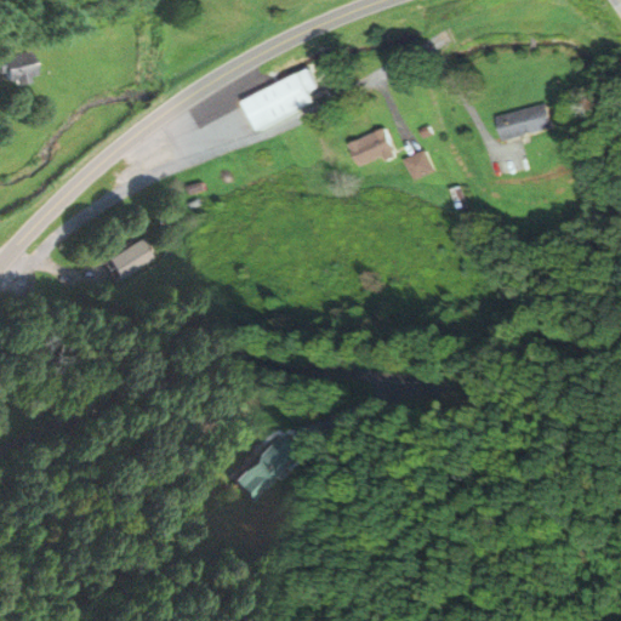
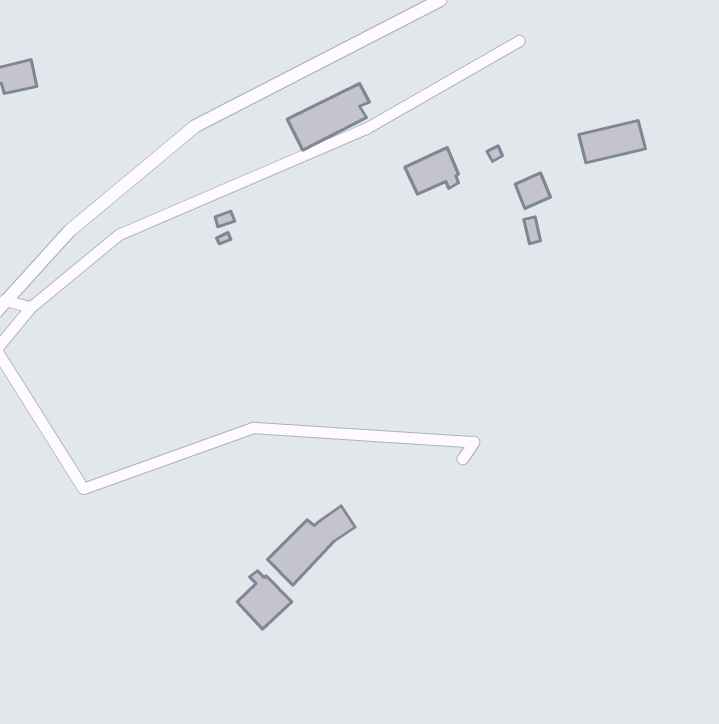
building: [401,149,432,180] -> [515,173,550,208]
building: [107,237,153,279] -> none
building: none -> [237,571,292,629]

